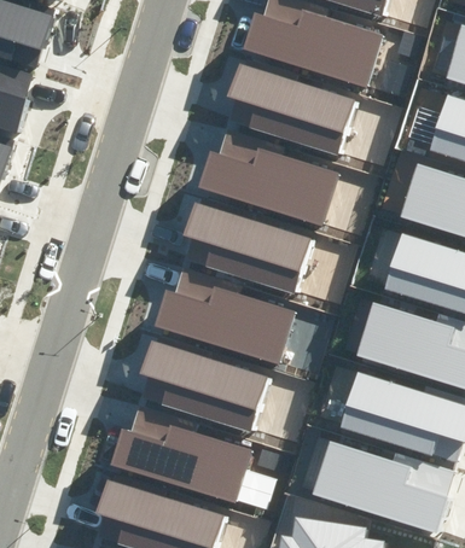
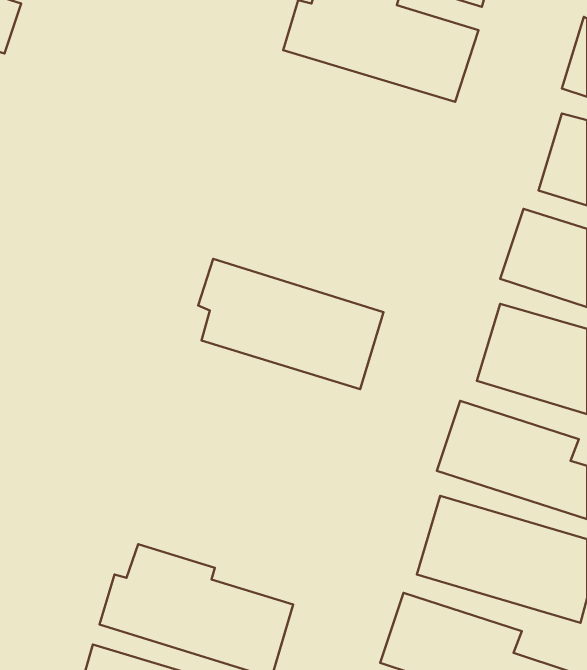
building: [226,64,360,158] -> none
building: [198,129,338,226] -> none
building: [153,269,295,366] -> none
building: [140,339,274,432] -> none

